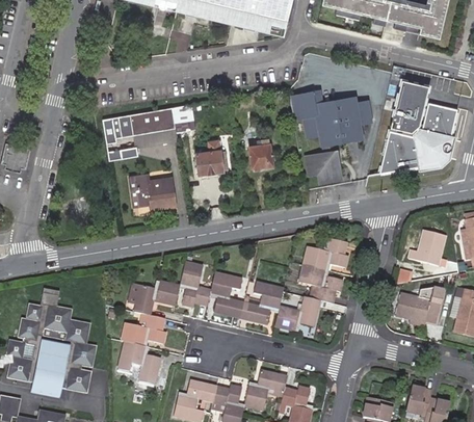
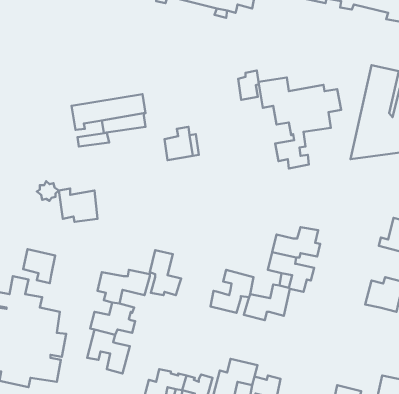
building: [249,137,270,166] -> [238,71,259,100]
building: [136,174,175,207] -> [59,188,97,222]
building: none -> [23,249,55,283]
building: [211,272,244,318] -> none

